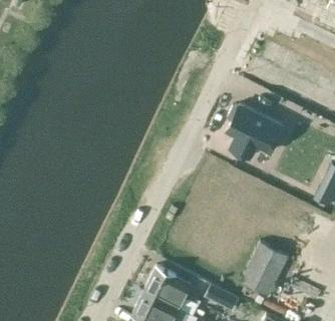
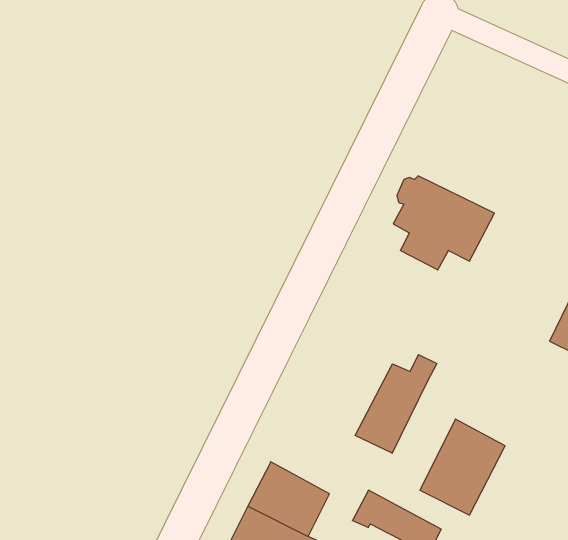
building: none -> [355,355,437,453]

